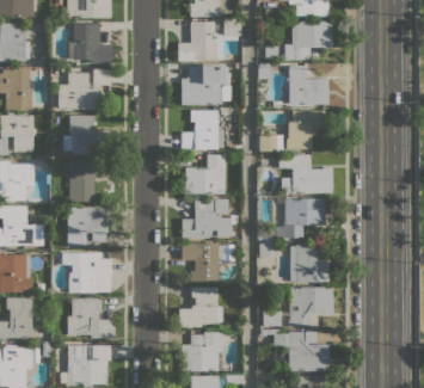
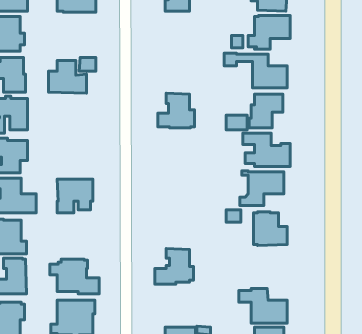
building: [178,20,241,61] -> none
building: [68,24,112,63] -> none
building: [182,66,229,105] -> none
building: [62,116,111,155] -> none
building: [185,155,225,193] -> none
building: [68,161,106,202] -> none
building: [182,198,232,239] -> none
building: [180,244,223,283] -> none
building: [62,253,111,292] -> none
building: [263,288,332,326] -> none
building: [180,332,222,371] -> none

